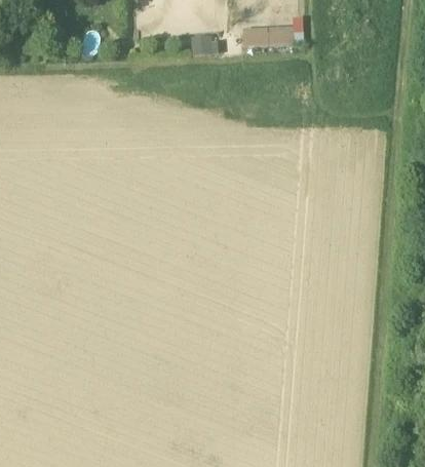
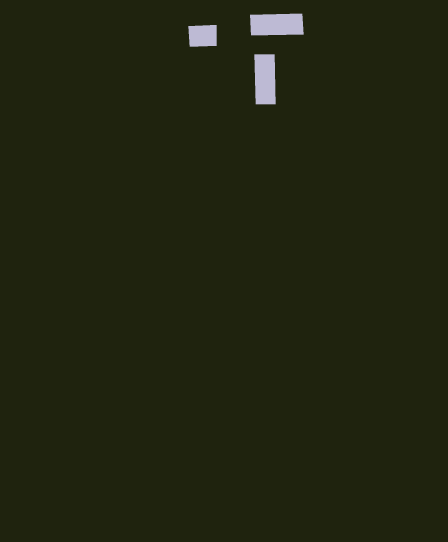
building: none -> [254,54,276,105]

